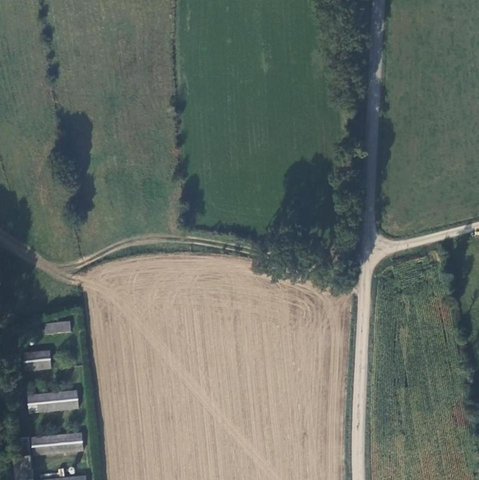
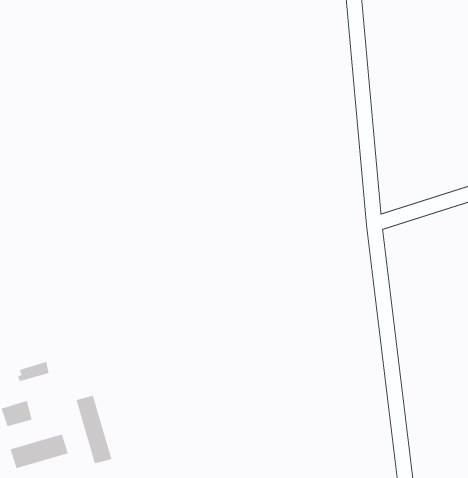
building: none -> [75,395,112,464]

